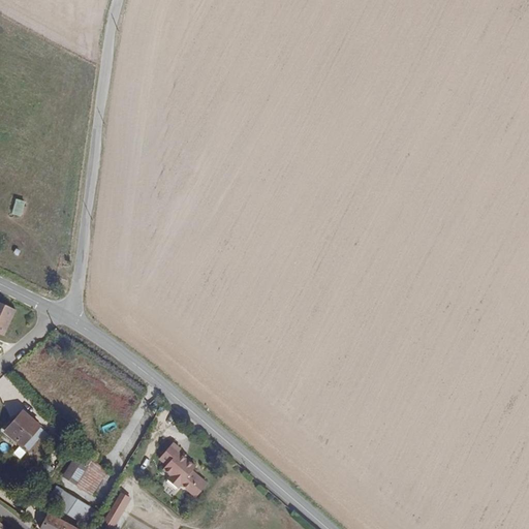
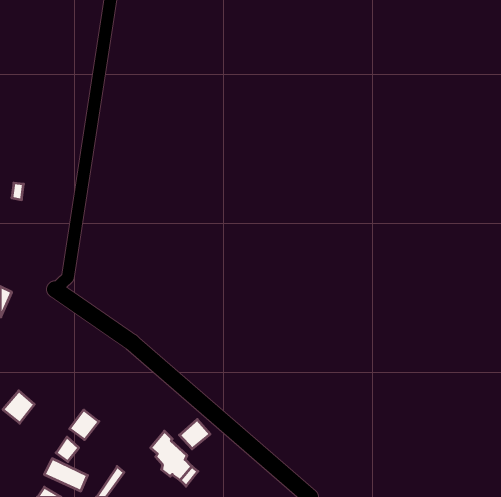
building: none -> [70,410,99,440]
building: none -> [179,419,210,449]

